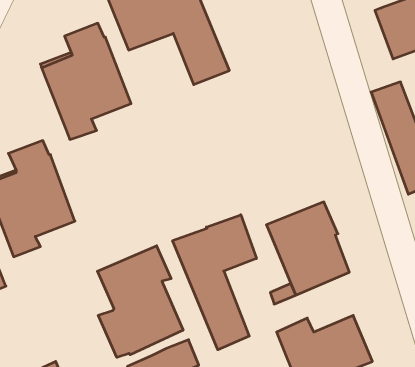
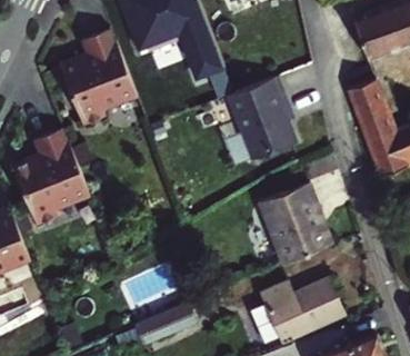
building: none -> [228,76,296,160]
building: [173,215,256,350] -> none
building: [97,246,183,357] -> none

